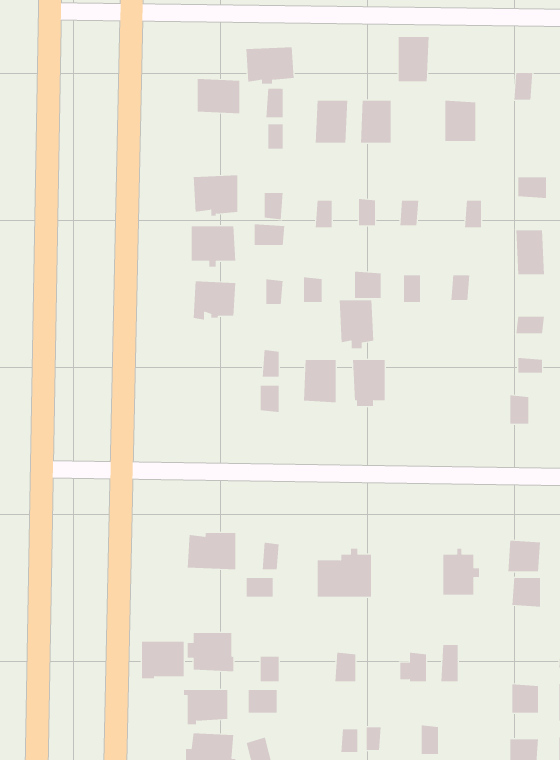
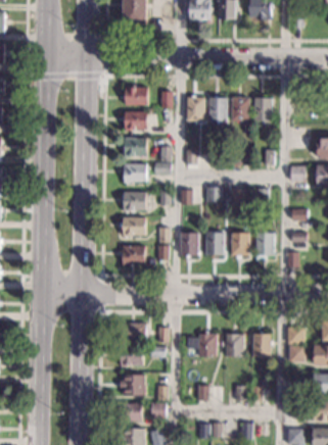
building: [398,37,429,82] -> [232,97,248,120]
building: [245,47,295,84] -> [122,112,147,132]
building: [339,300,374,349] -> [229,233,247,258]
building: none -> [123,217,144,238]
building: none -> [254,233,272,261]
building: none -> [118,245,143,265]
building: none -> [225,334,242,356]
building: [141,641,184,679] -> [120,347,142,366]

